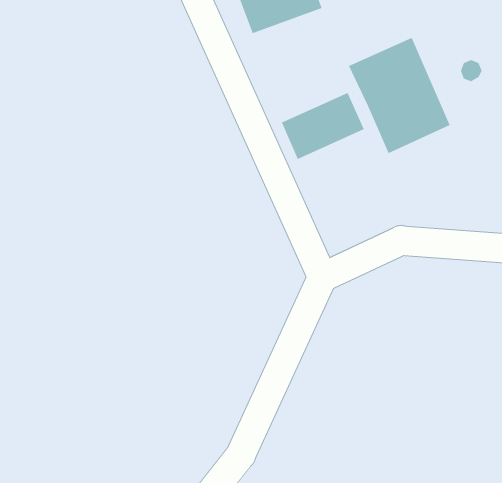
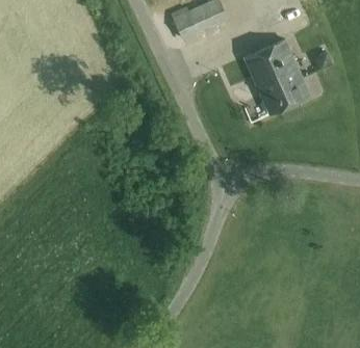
building: [281,92,364,160] -> none

